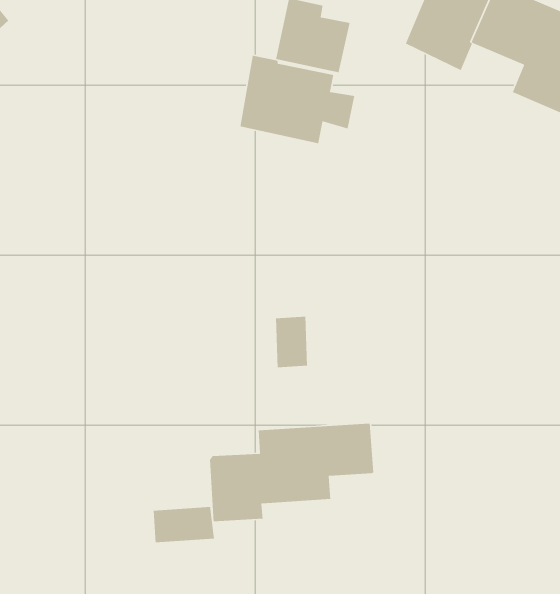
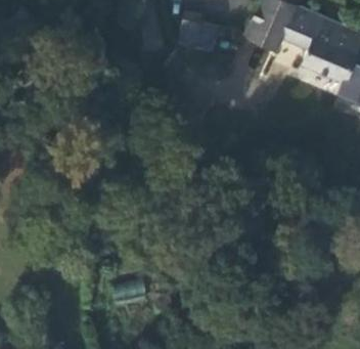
building: [239,55,355,144] -> none
building: [209,423,374,522] -> none

